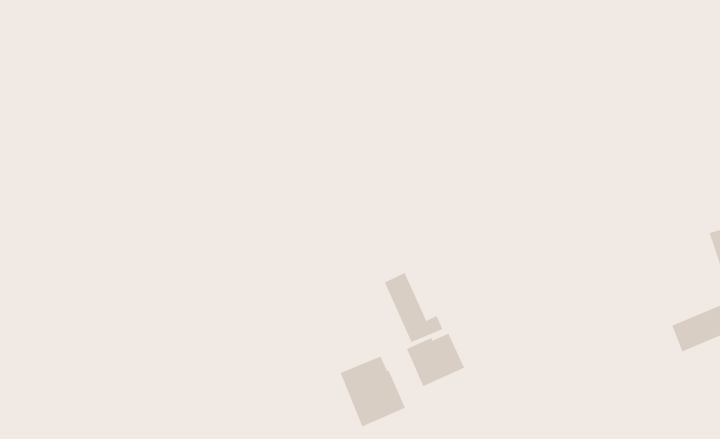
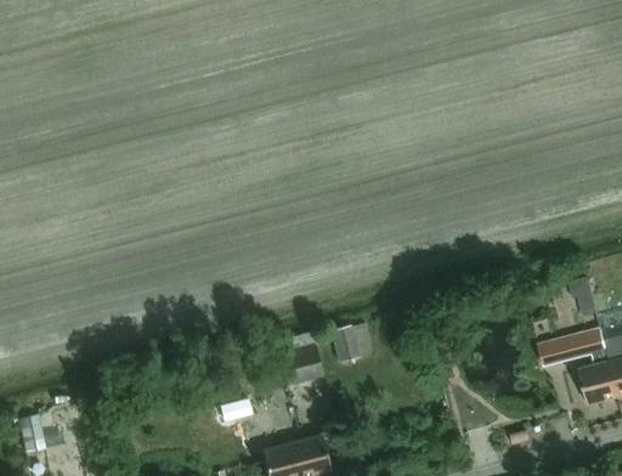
building: [384,272,443,343] -> none

